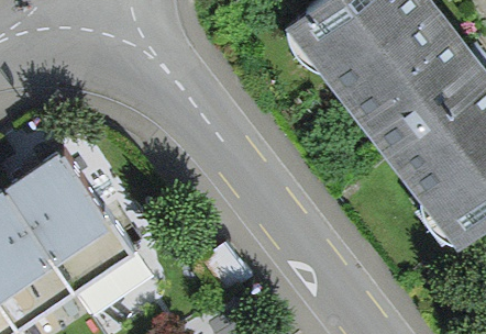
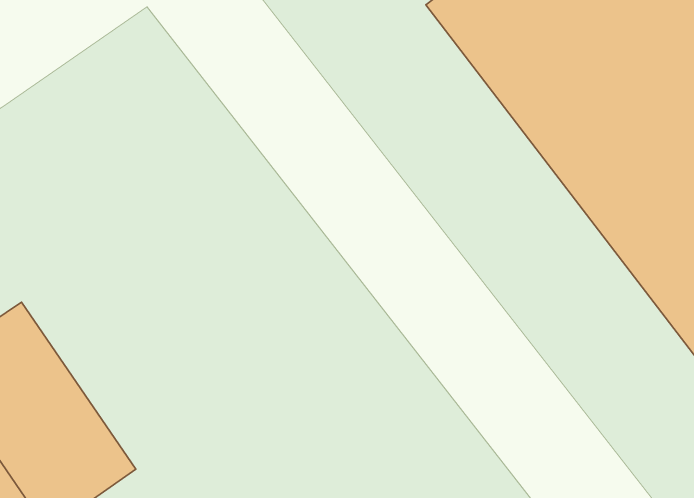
building: [19,165,147,309] -> none

